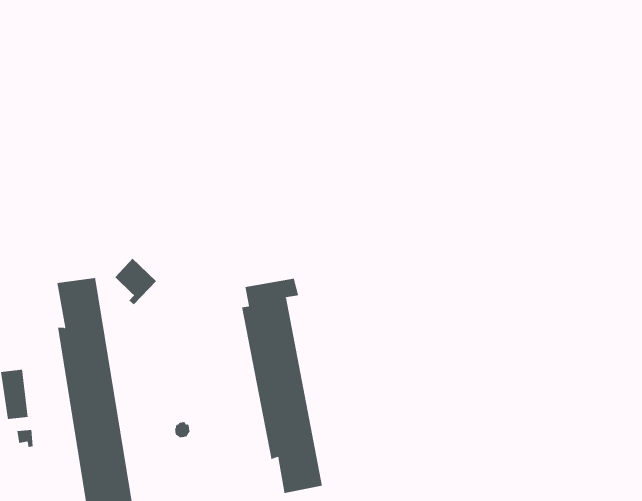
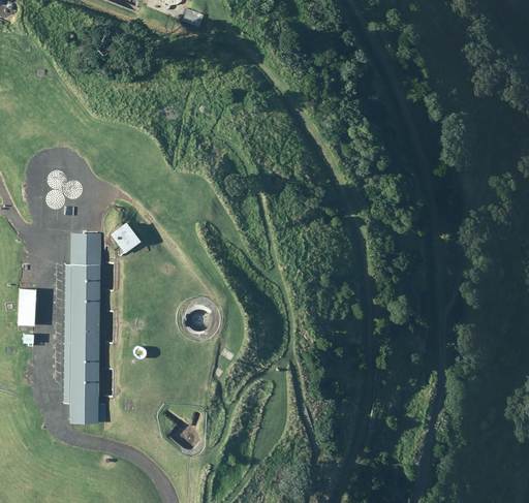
building: [242,278,322,494] -> none

